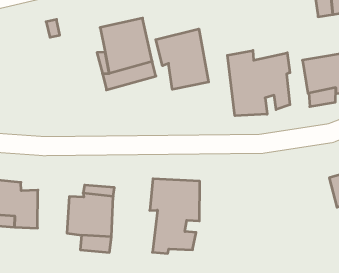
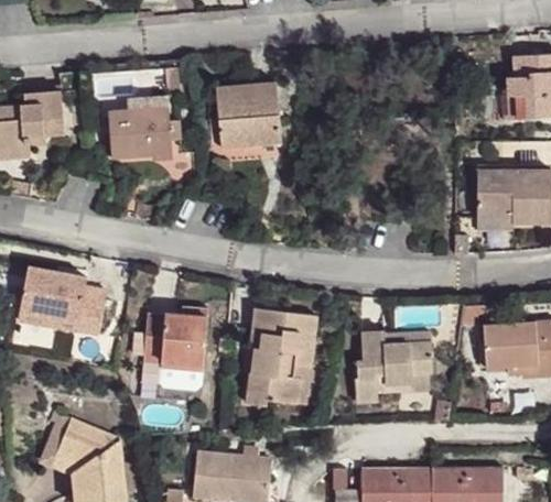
building: [156,29,209,89] -> none
building: none -> [110,103,171,161]
building: [227,50,290,116] -> none
building: none -> [356,329,436,404]

